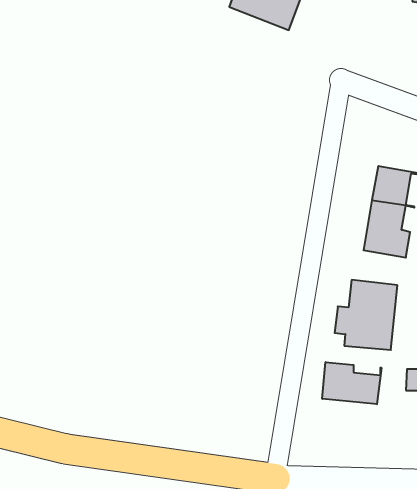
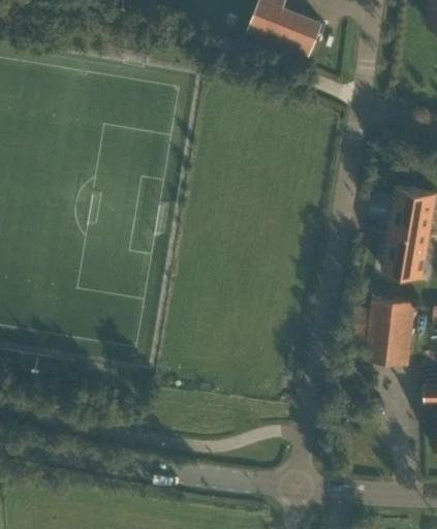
building: [322,362,381,404] -> none

